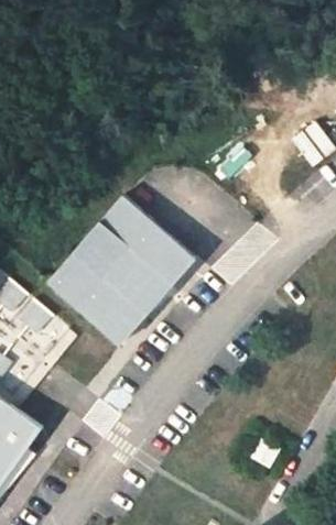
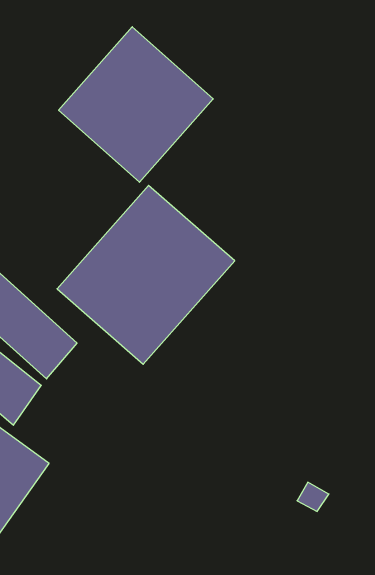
building: none -> [59,27,213,182]

